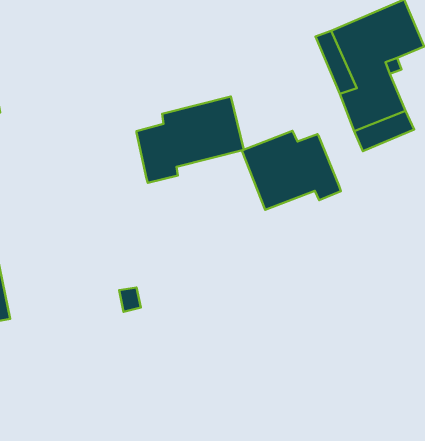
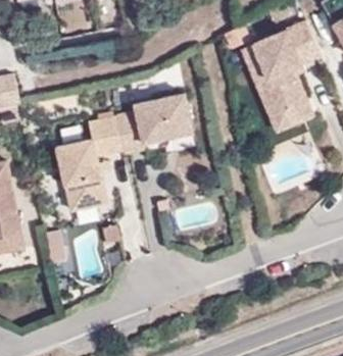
building: [242,131,341,210] -> none
building: none -> [55,118,121,212]

